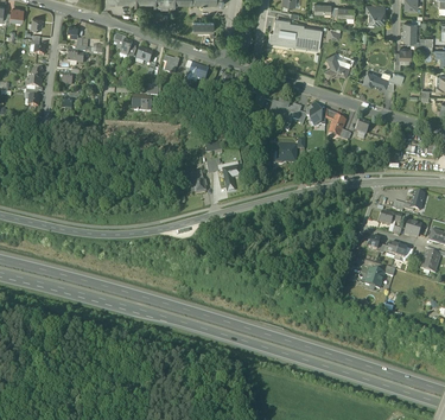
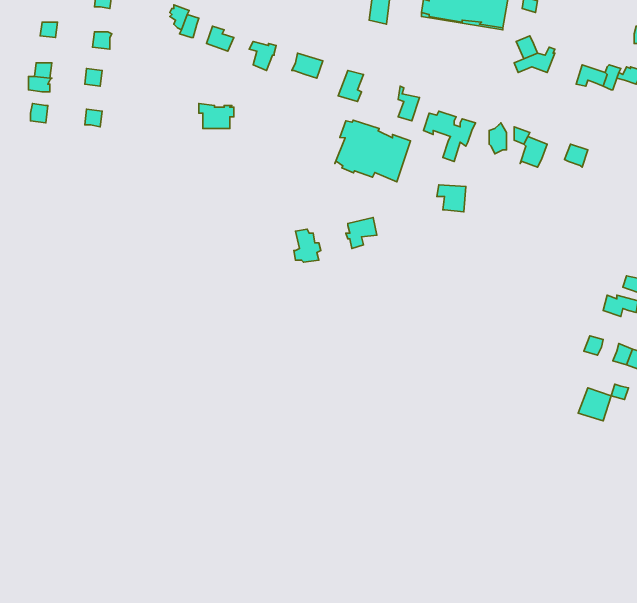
building: none -> [335,120,411,182]

